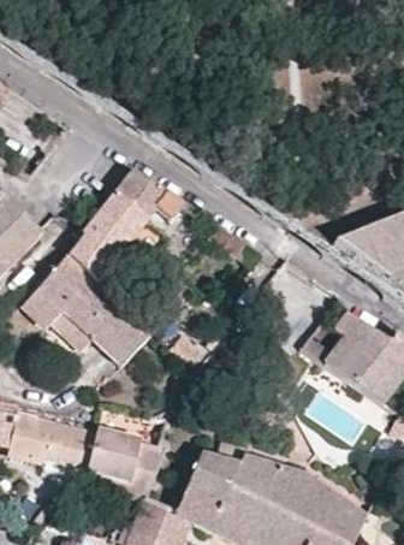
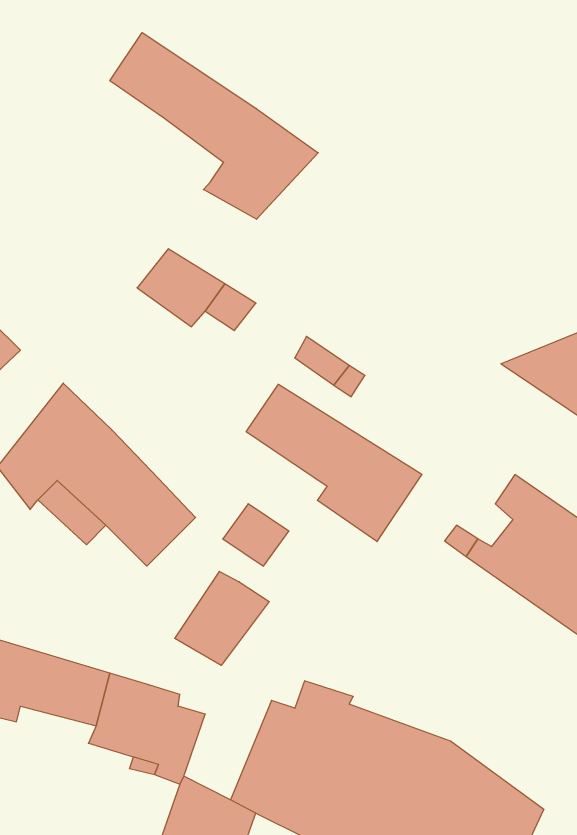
building: none -> [110,33,318,219]
building: [69,195,148,283] -> none
building: none -> [246,384,422,542]
building: none -> [175,571,269,665]

